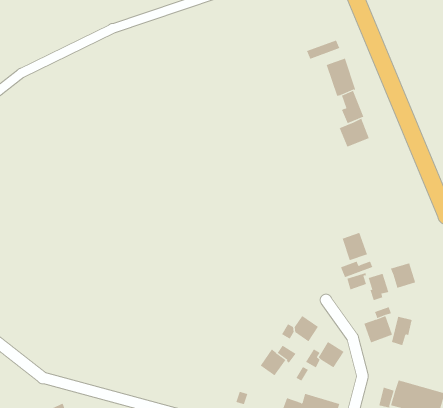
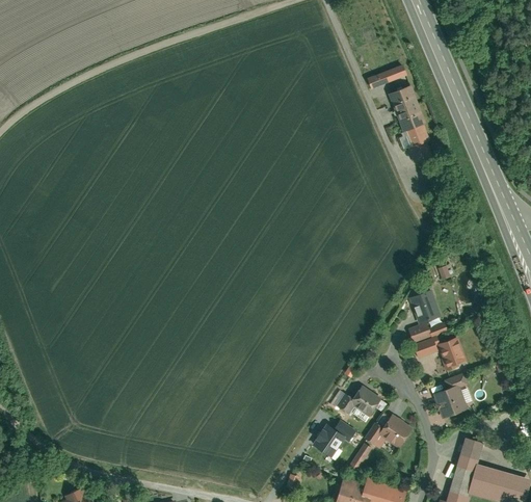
building: [339,118,369,148] -> none
building: [390,262,416,289] -> none
building: [391,316,413,346] -> [456,439,481,473]

